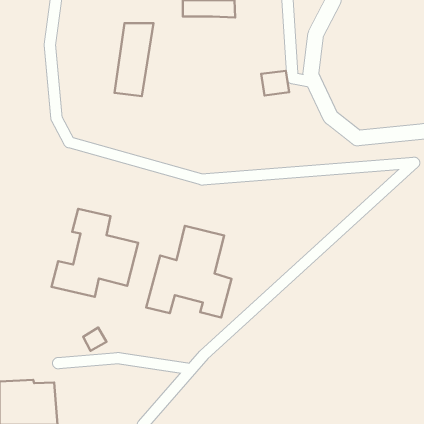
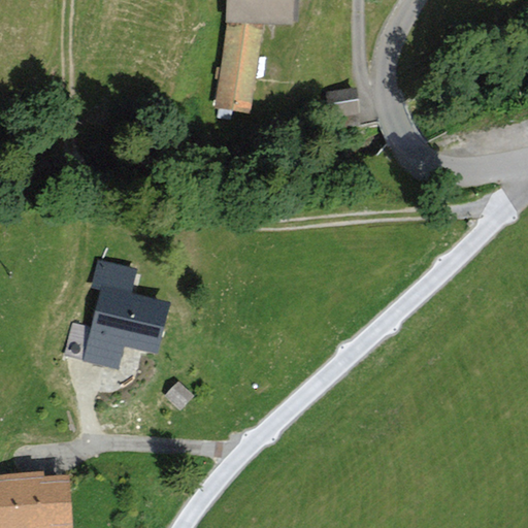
building: [114,23,154,96] -> [214,22,263,112]
building: [146,226,232,318] -> none

